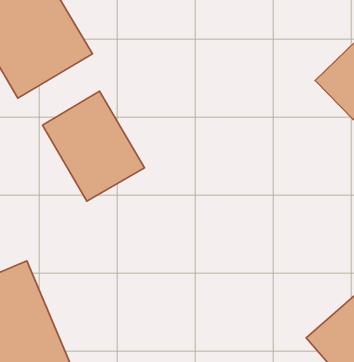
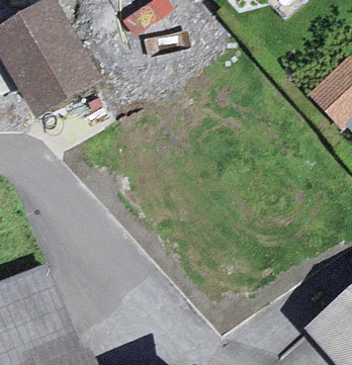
building: [43,91,144,201] -> none

